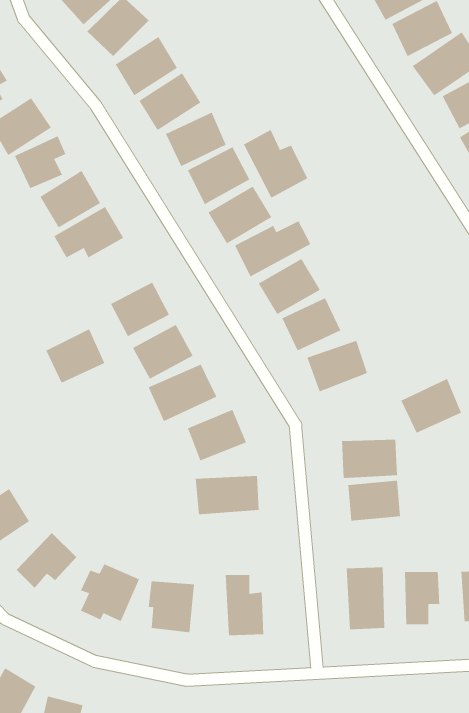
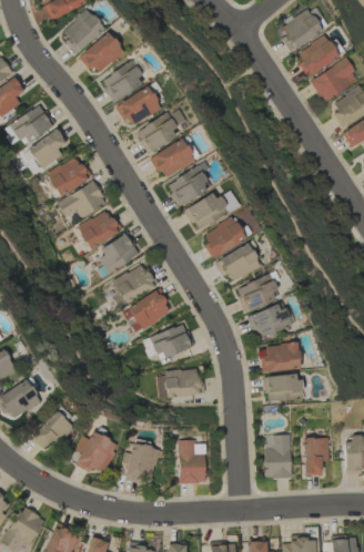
building: [243,129,308,199] -> none
building: [46,329,105,384] -> [78,209,120,248]
building: [400,378,462,433] -> [247,301,291,340]

